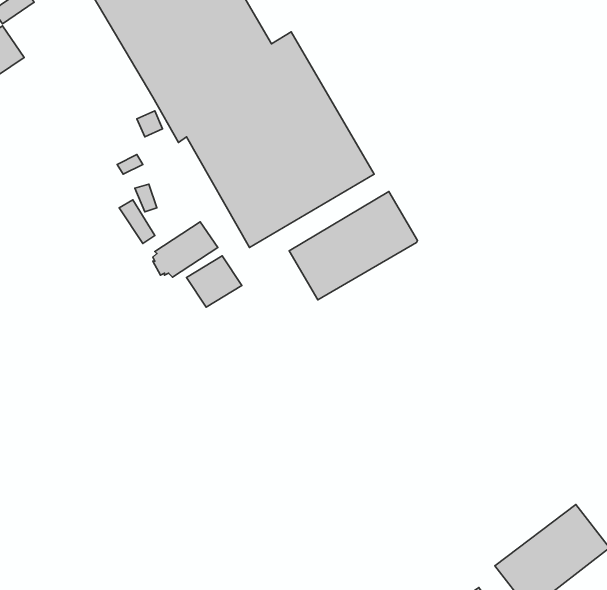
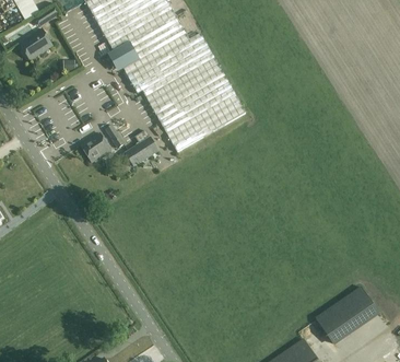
building: [289,191,417,300] -> none
building: [186,256,242,307] -> [81,132,111,161]

